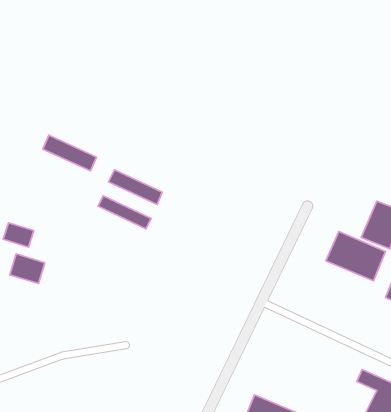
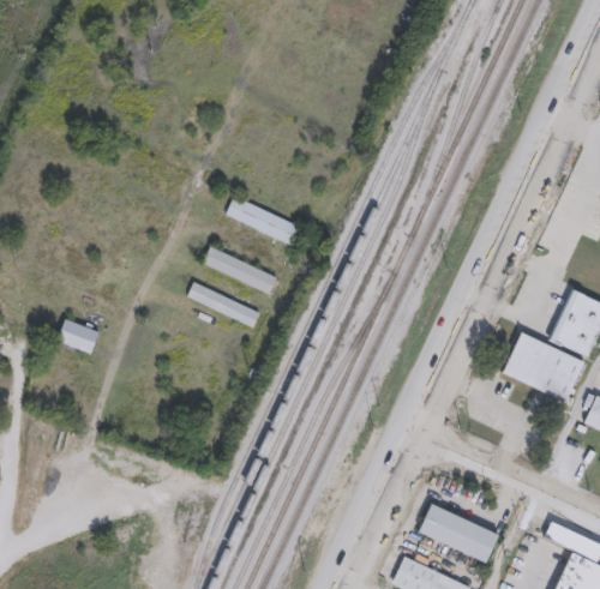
building: [43,135,97,171] -> [226,196,300,245]
building: [10,254,45,284] -> none
building: none -> [418,504,499,561]

